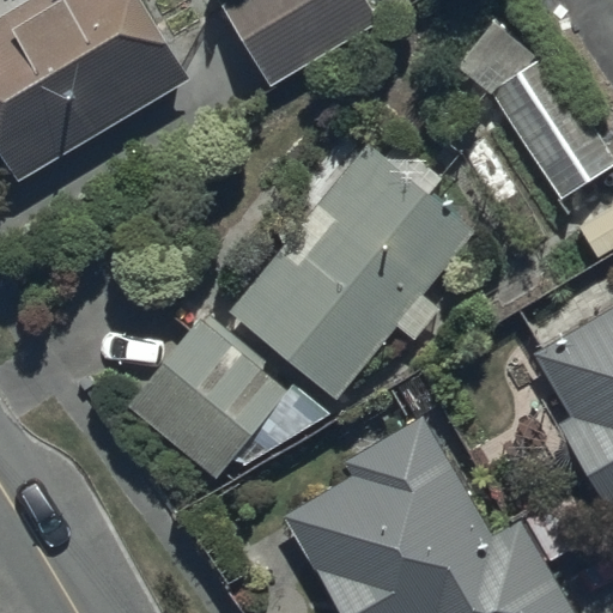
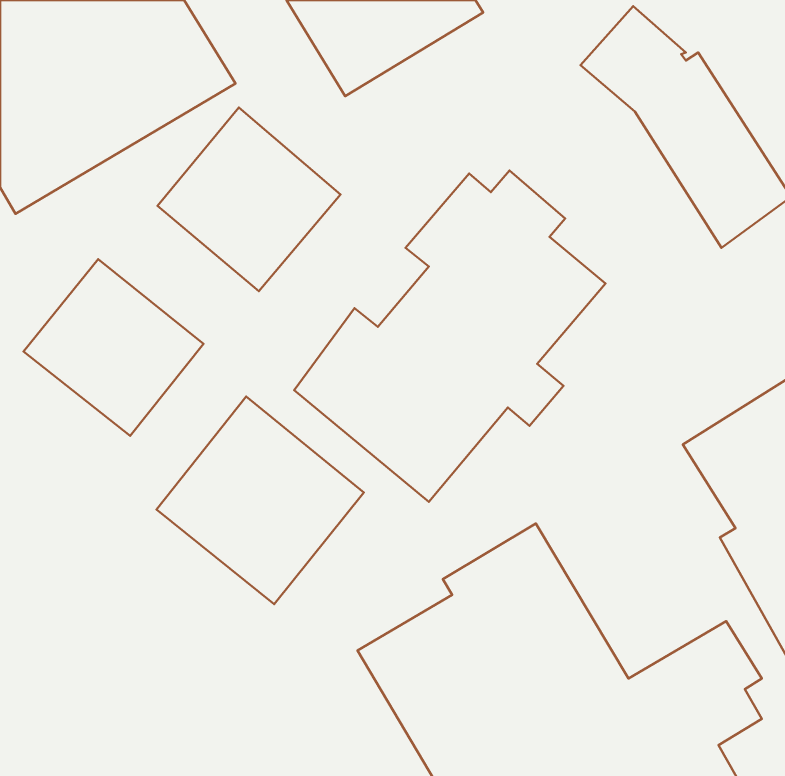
building: none -> [157,108,341,291]
building: none -> [23,259,204,436]

